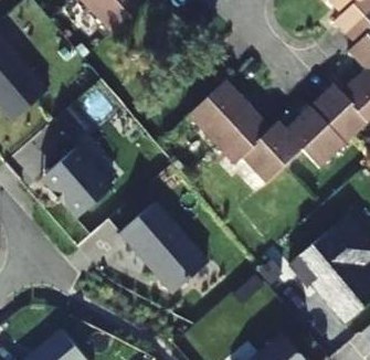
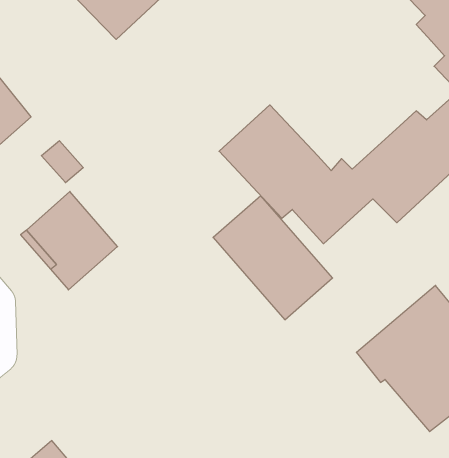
building: [118,201,207,293] -> [213,196,333,320]

